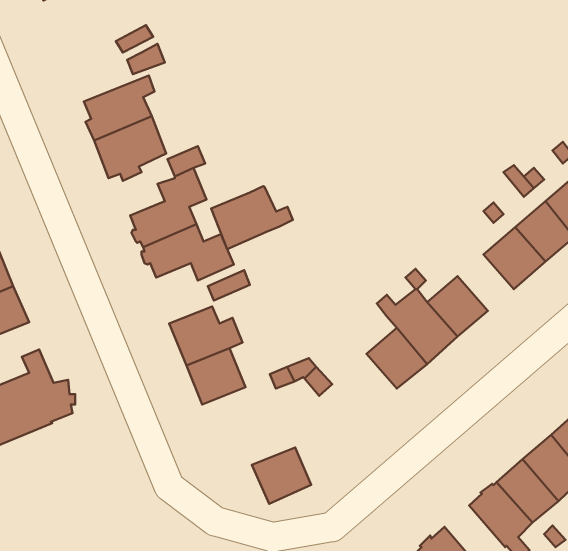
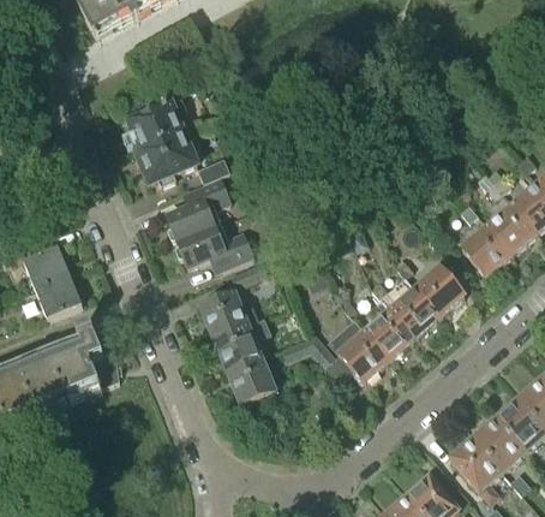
building: [211,186,293,249] -> none
building: none -> [337,329,388,381]
building: [252,447,311,504] -> [226,357,275,404]

